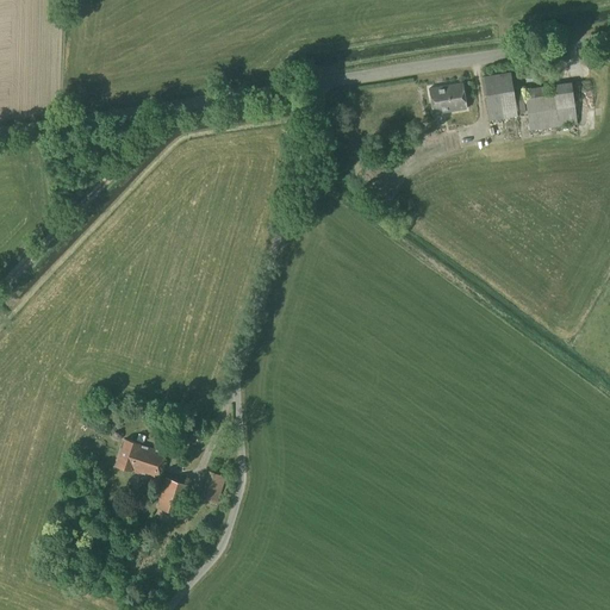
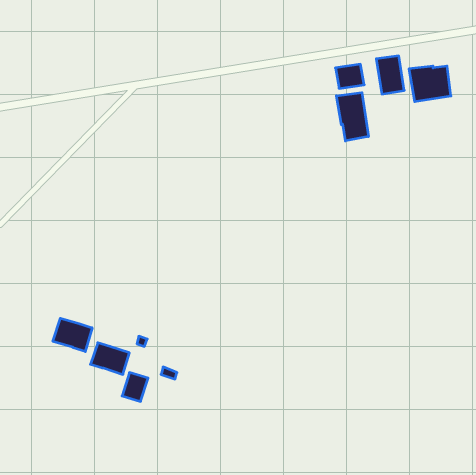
building: none -> [336,93,368,141]
building: none -> [53,318,92,352]

